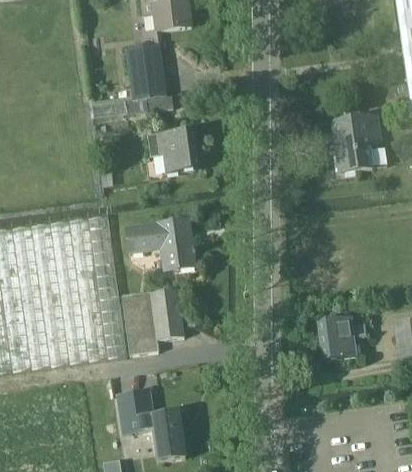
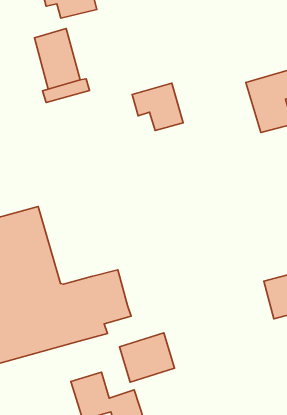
building: [148,127,195,172] -> [132,83,183,130]
building: [125,217,196,270] -> none
building: none -> [120,333,175,382]

